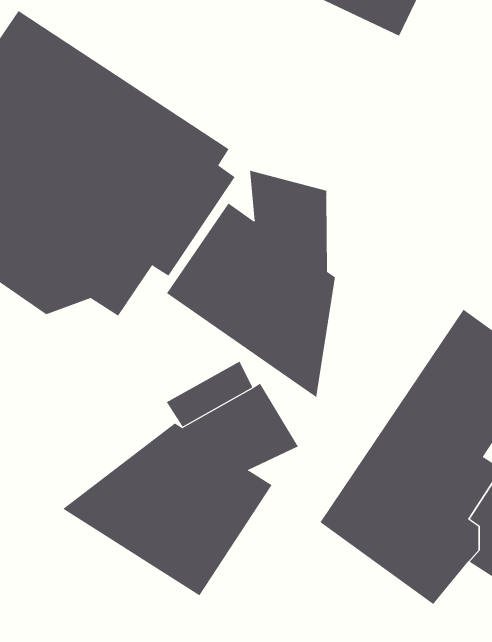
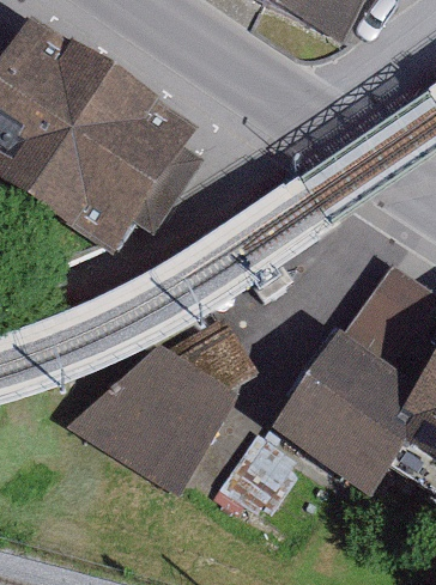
building: [166,170,335,398] -> none

